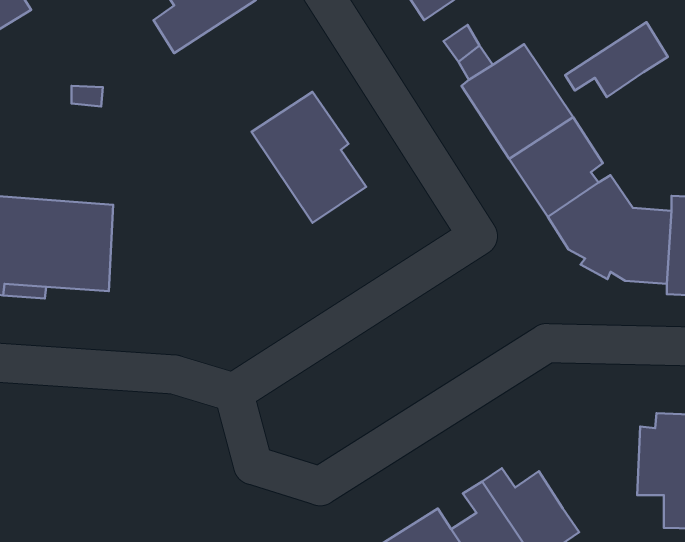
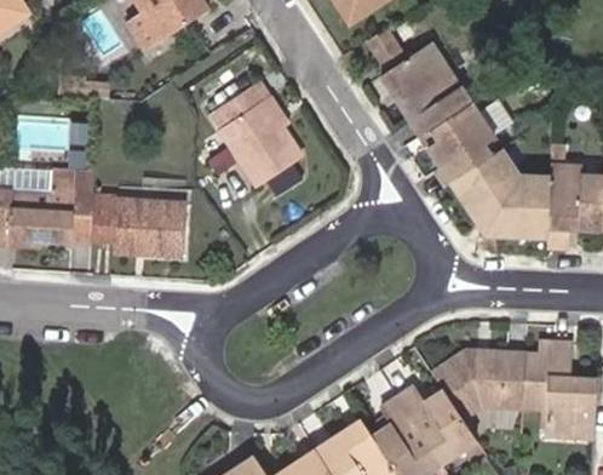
building: [565,22,668,97] -> none
building: none -> [93,199,182,257]
building: none -> [430,351,524,420]

